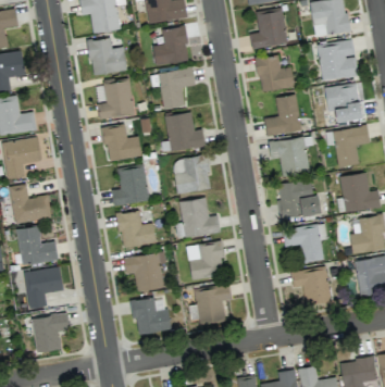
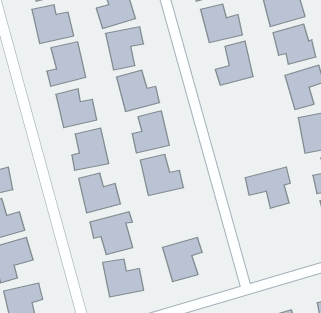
building: [269,137,310,177] -> none
building: [277,179,322,220] -> none
building: [187,242,224,280] -> none
building: [290,267,331,303] -> none

